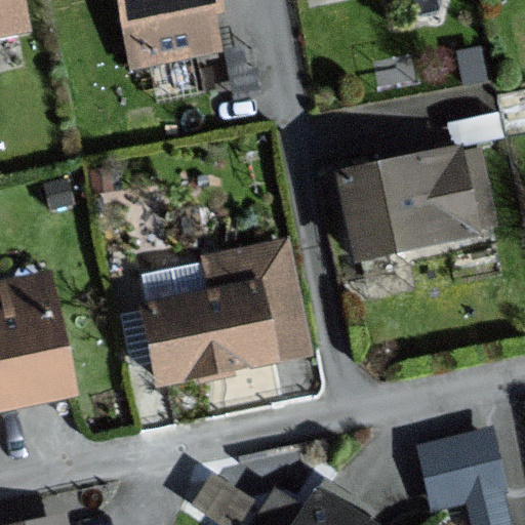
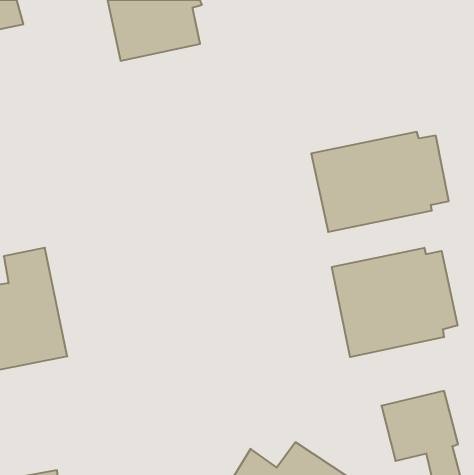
building: [147,244,308,381] -> none
building: none -> [332,248,457,357]

